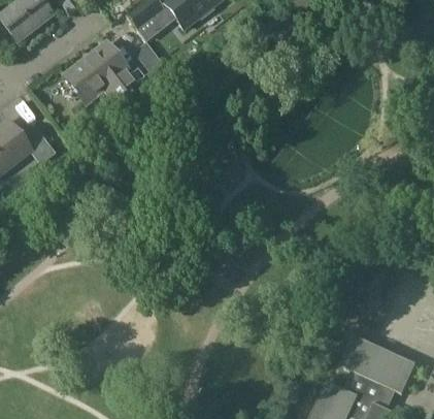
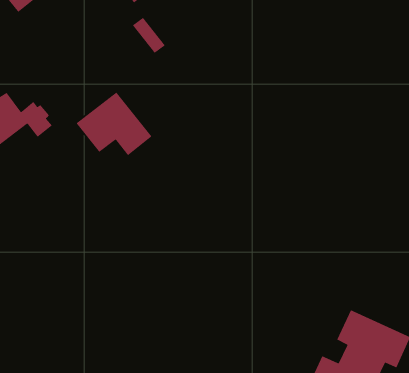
building: [64,42,141,107] -> [76,91,152,156]

